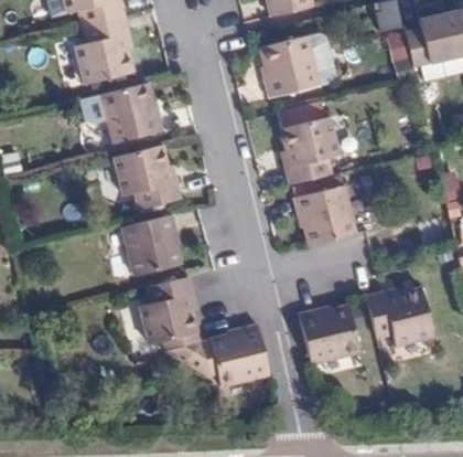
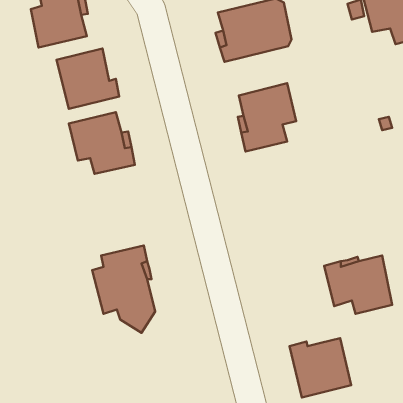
building: [293,187,355,245] -> none
building: [122,214,179,273] -> none
building: [299,306,359,364] -> [290,338,351,398]
building: [186,323,270,385] -> none

